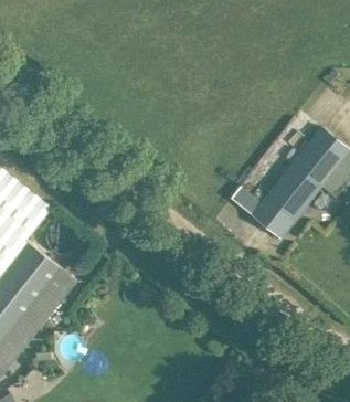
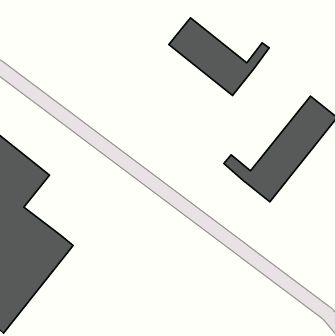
building: none -> [169,18,269,96]

